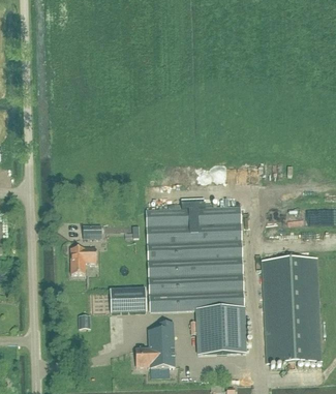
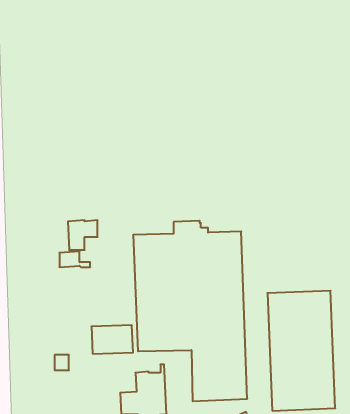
building: [69,246,95,272] -> [68,220,98,250]

